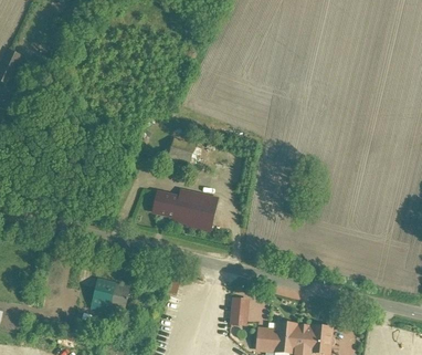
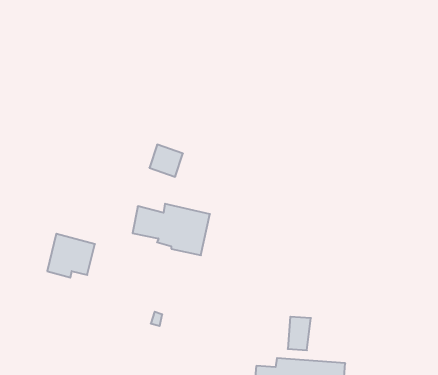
building: [89,278,130,315] -> [47,234,95,278]
building: [230,297,250,326] -> [288,317,311,350]

